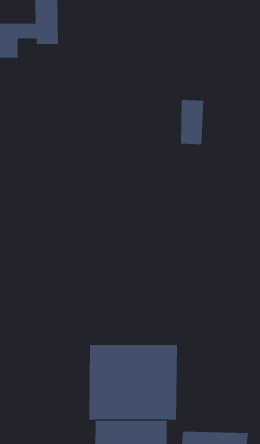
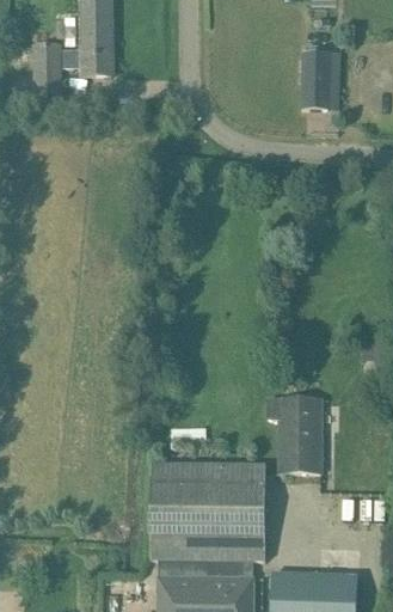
building: [180,99,204,145] -> [301,51,332,110]
building: none -> [269,399,321,475]

